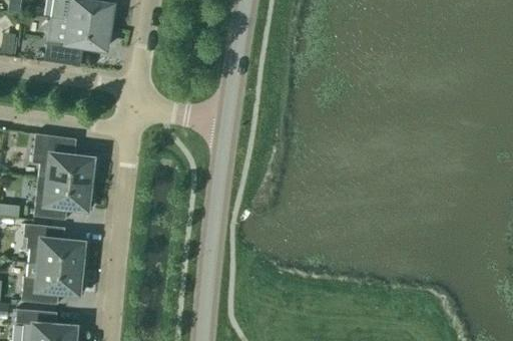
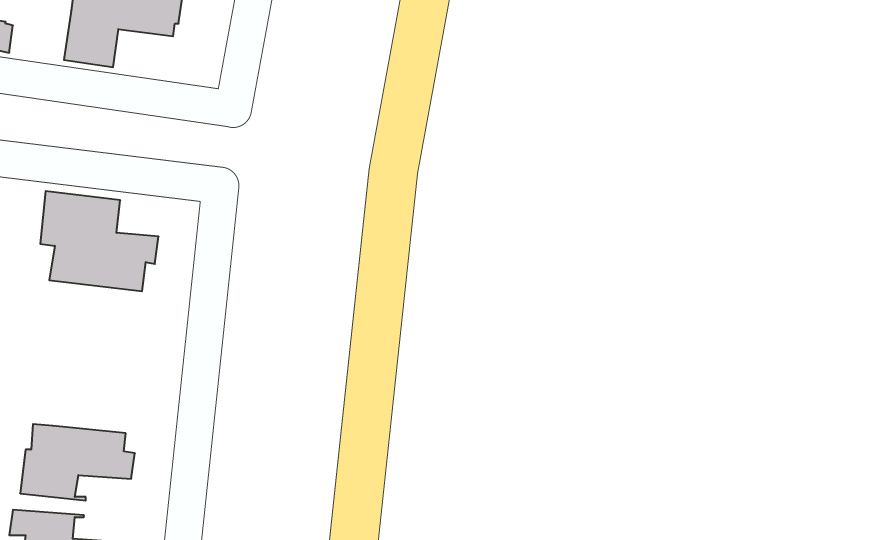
building: [34,183,92,219] -> none
building: [24,223,87,267] -> none

